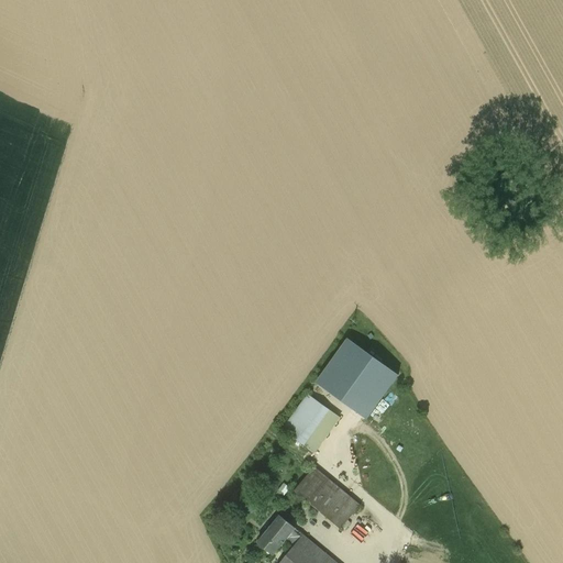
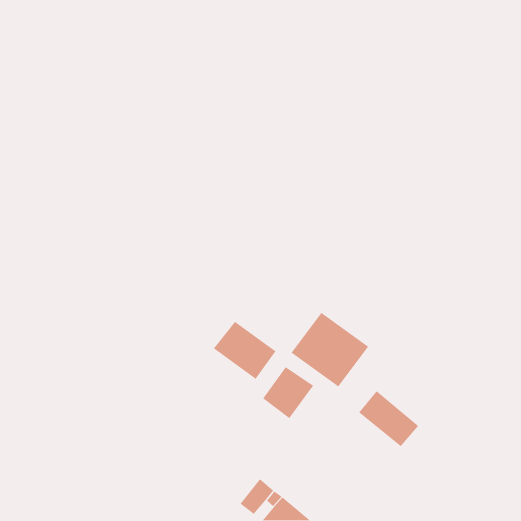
building: none -> [213,321,276,380]
building: [295,467,361,529] -> [358,390,419,447]

